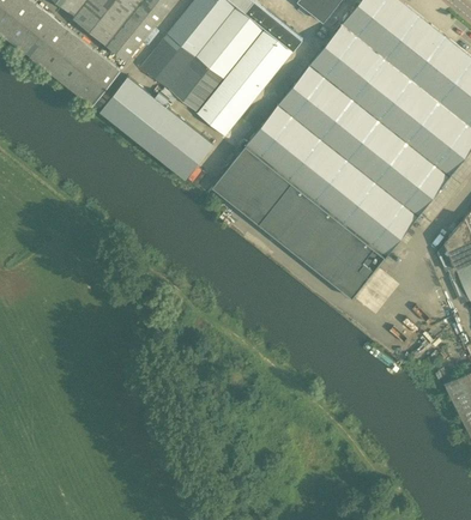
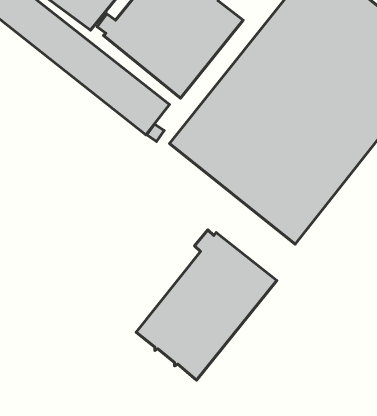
building: none -> [136,230,277,380]

